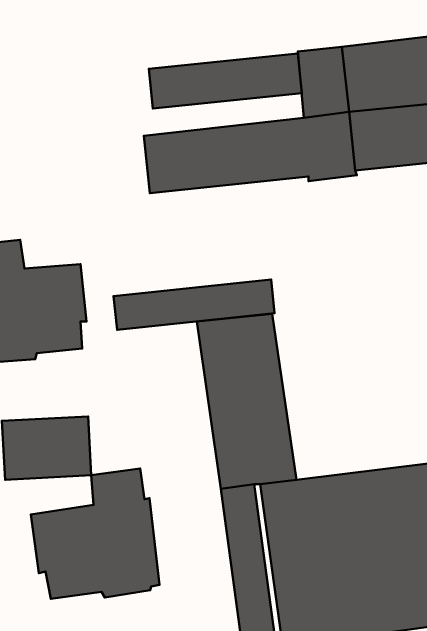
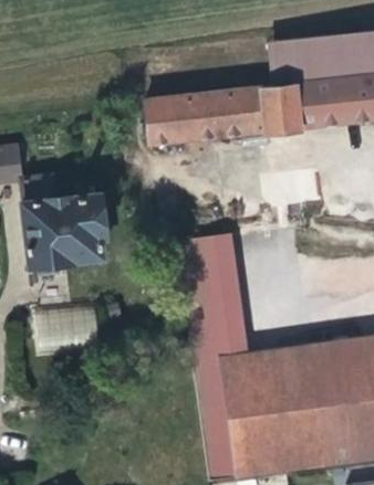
building: [149,54,302,109] -> none
building: [114,280,275,330] -> none
building: [31,468,159,599] -> none

